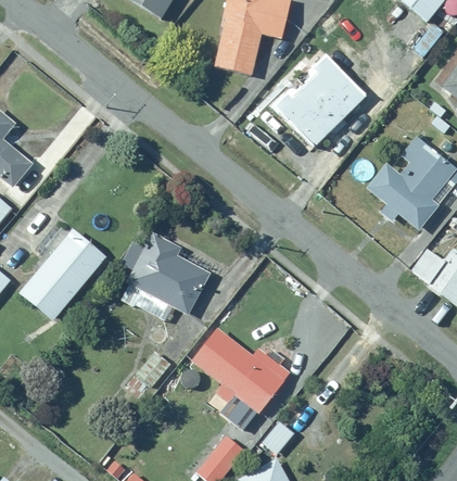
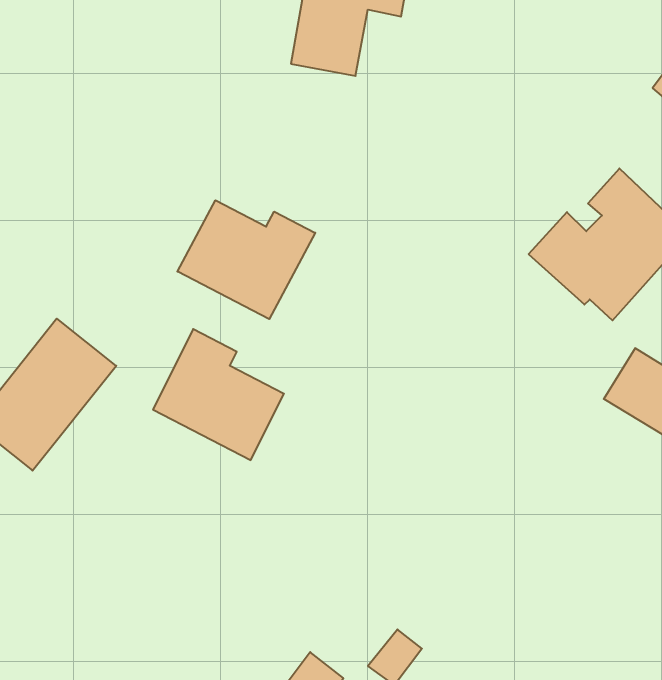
building: [268,51,366,149] -> none
building: none -> [177,200,315,319]
building: [190,326,291,414] -> none

